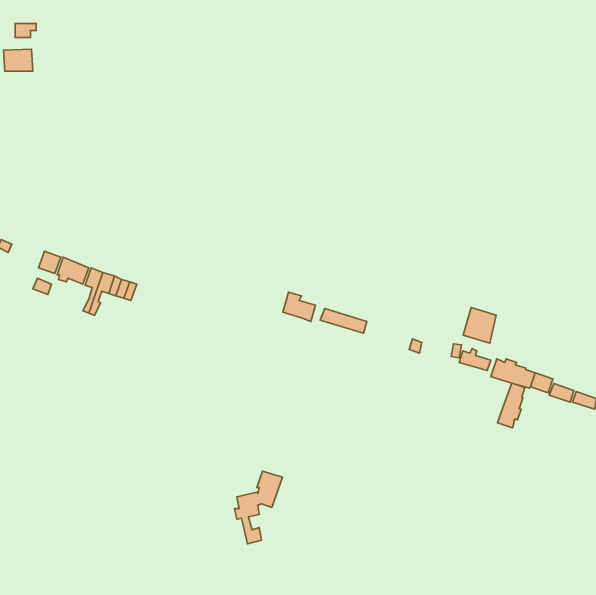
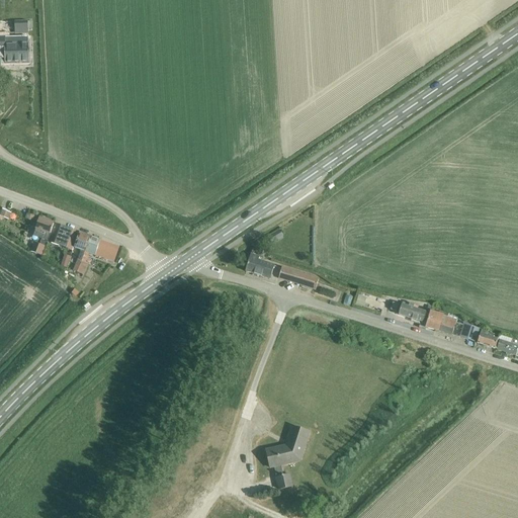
building: [463,308,496,343] -> none
building: [498,383,525,428] -> none
building: [235,471,282,544] -> [267,425,309,488]

